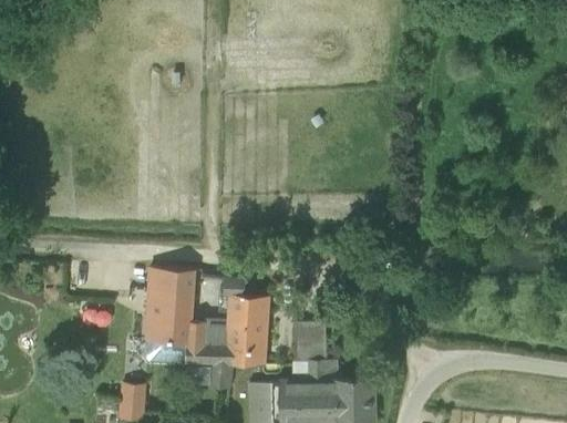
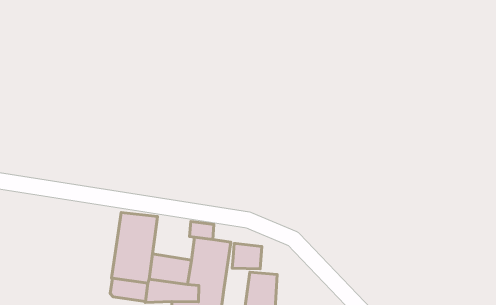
building: none -> [232,243,262,269]

